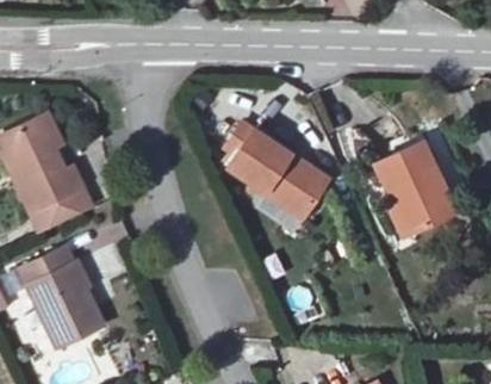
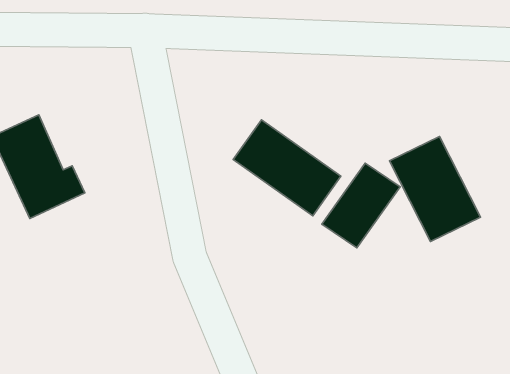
building: none -> [322,163,400,248]
building: [23,248,107,349] -> none

